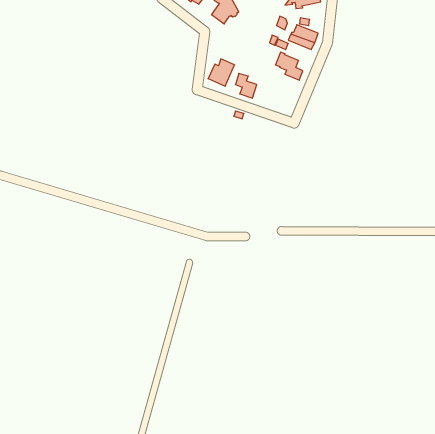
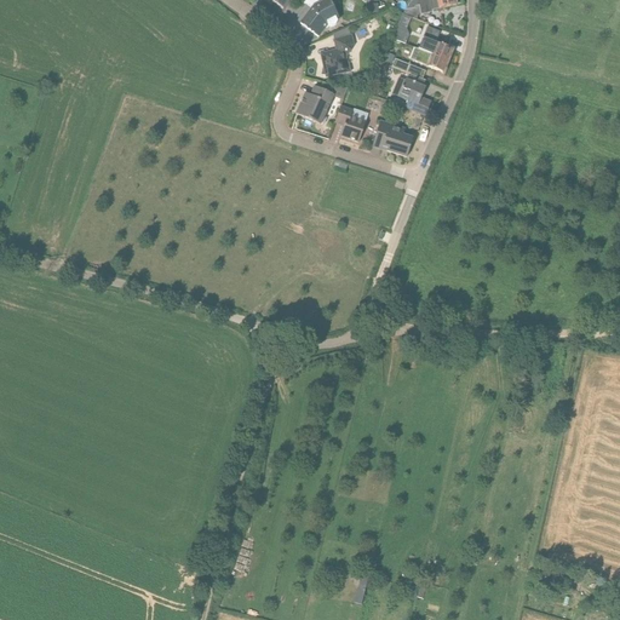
building: none -> [323,34,354,73]
building: none -> [373,119,413,155]

